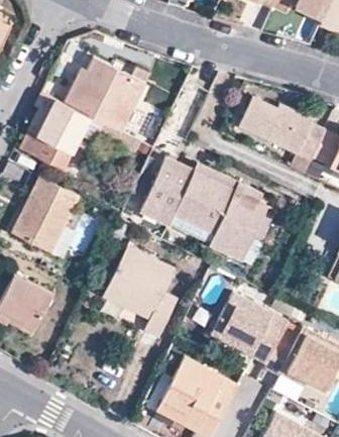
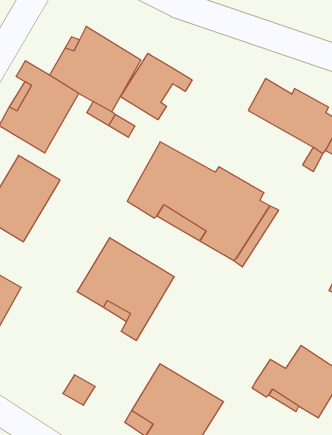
building: none -> [121,53,192,120]
building: [210,293,287,361] -> none

